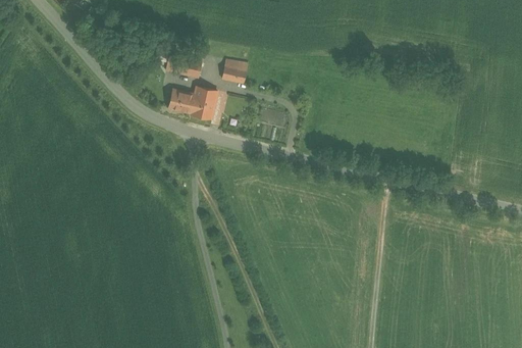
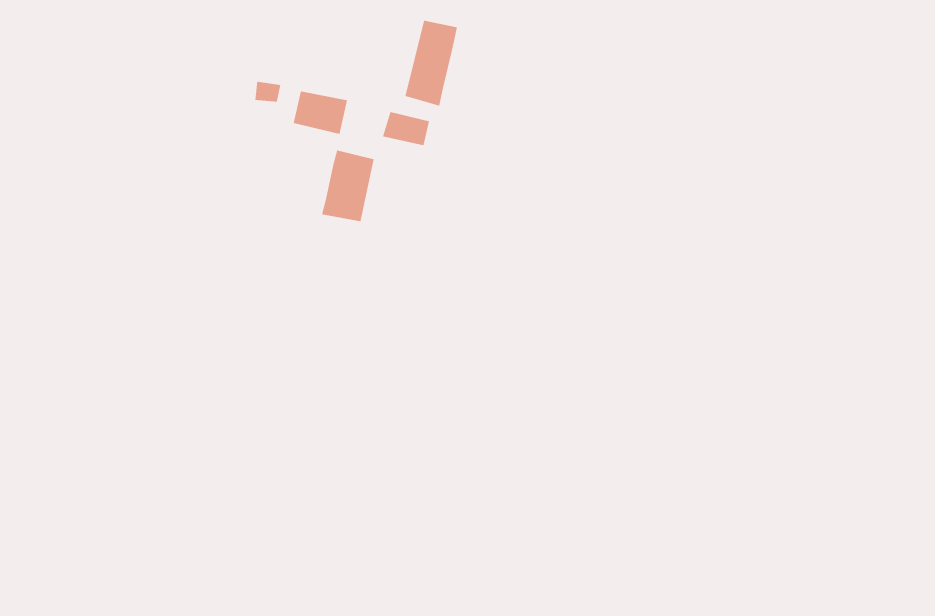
building: none -> [405,20,458,107]
building: [168,88,194,111] -> none

